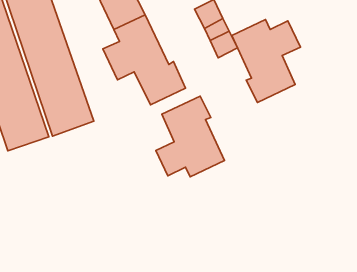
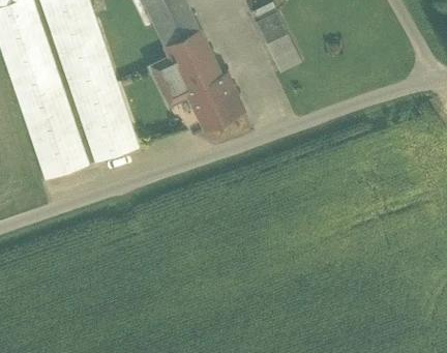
building: [232,19,300,102] -> none
building: [156,96,224,177] -> none

